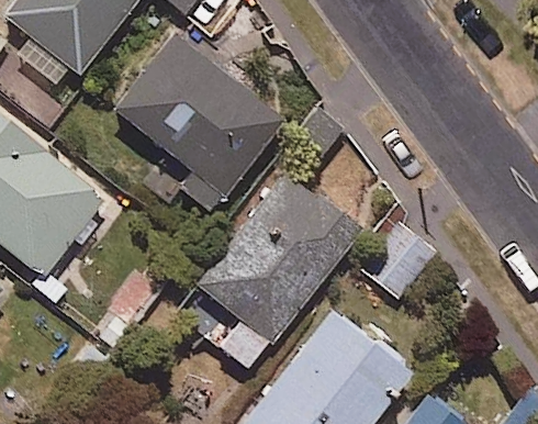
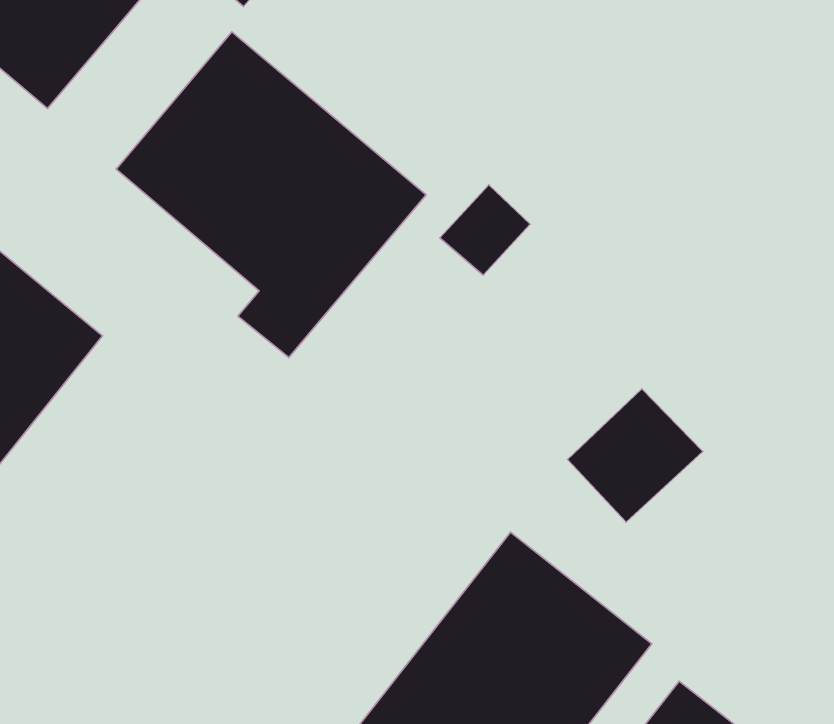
building: [197,172,360,371] -> none

